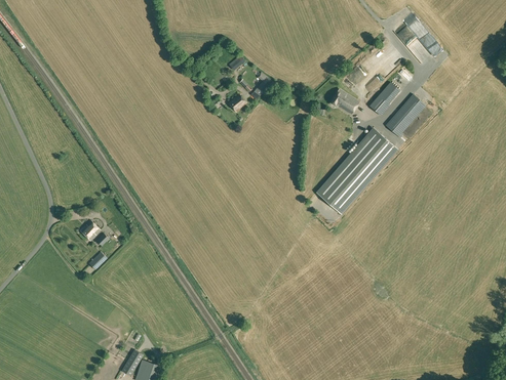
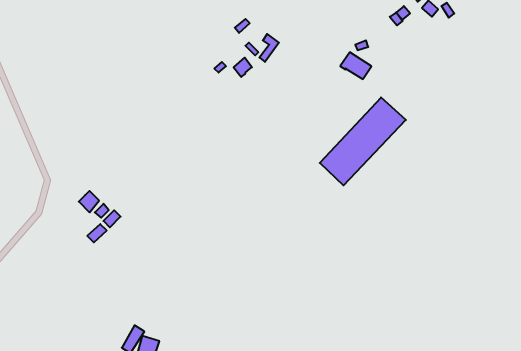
building: [369,82,400,116] -> none
building: [386,93,426,137] -> none

